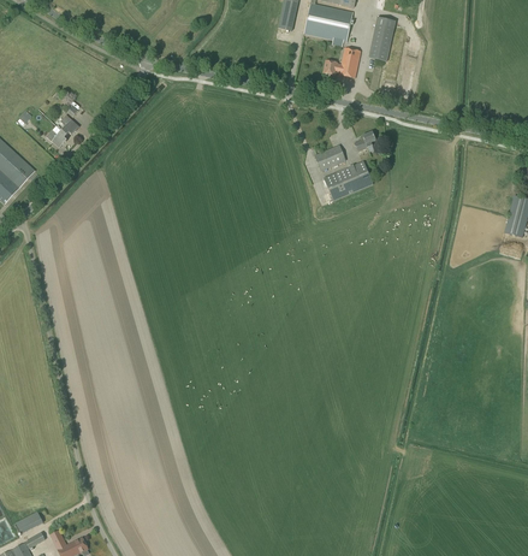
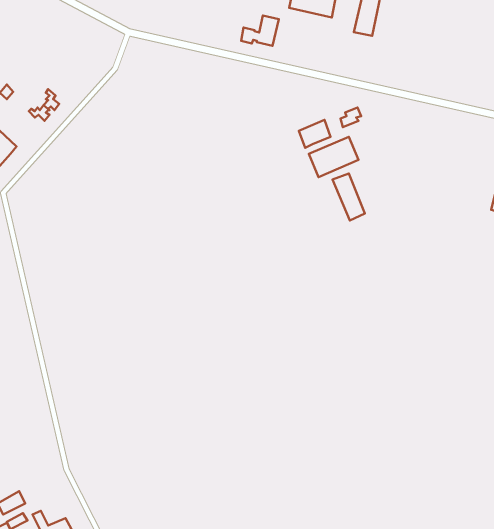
building: [324,48,361,78] -> [241,15,279,46]
building: none -> [332,173,365,221]

